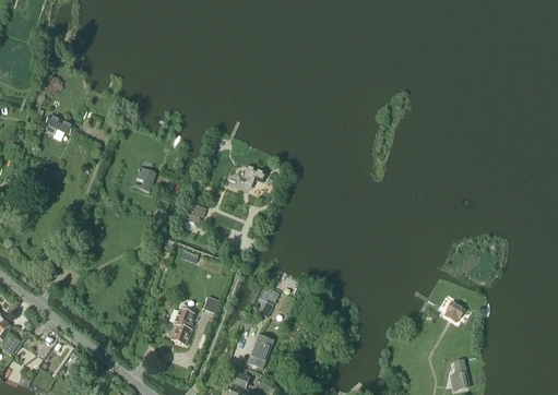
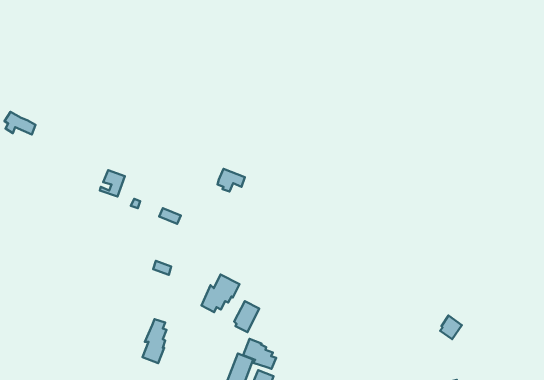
building: none -> [201,275,239,312]
building: none -> [243,339,276,369]

